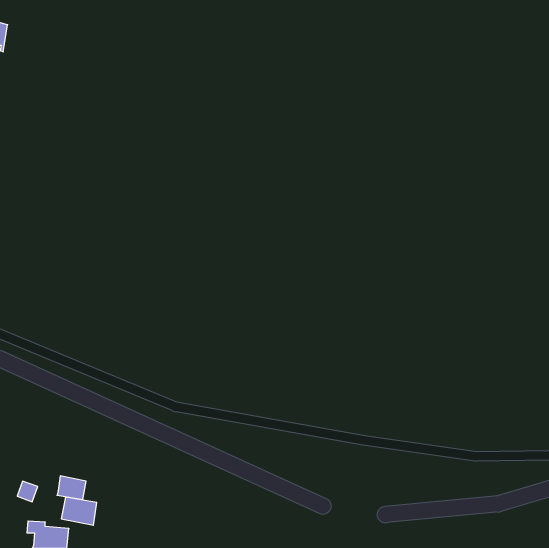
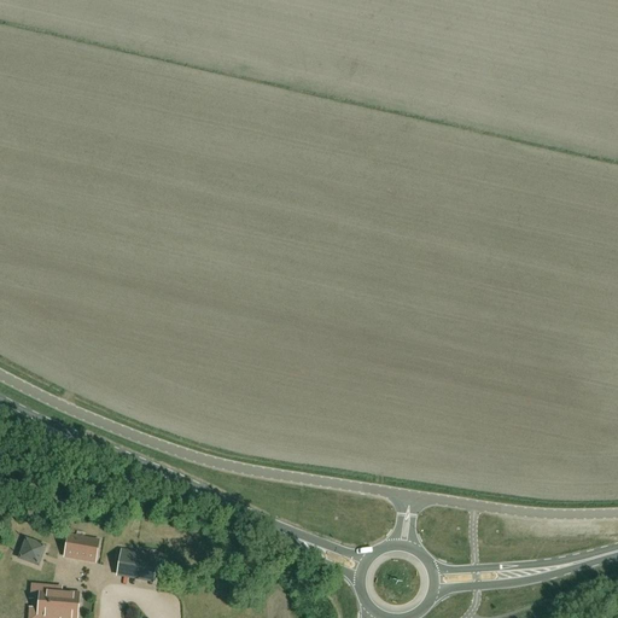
building: [61,497,97,525] -> [116,549,156,581]

